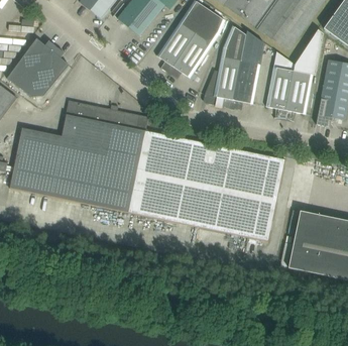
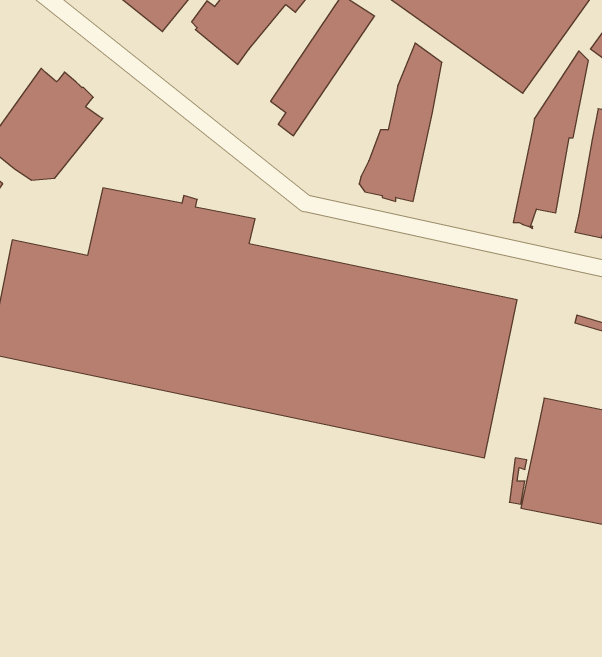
building: [168,10,225,79] -> none
building: [231,30,264,109] -> none
building: [265,66,294,118] -> none

